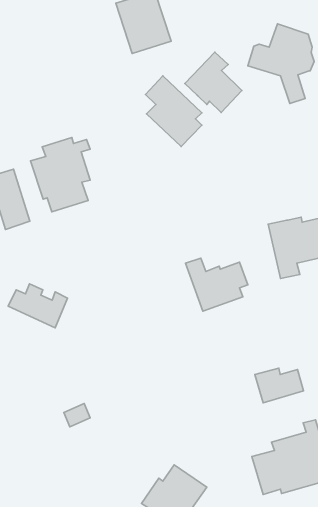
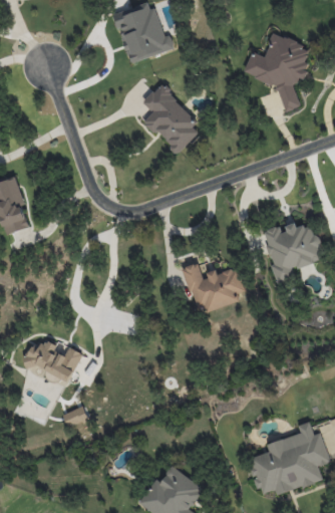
building: [185,52,242,113] -> none
building: [31,138,90,212] -> none
building: [8,284,67,328] -> [24,339,82,382]
building: [255,368,303,403] -> none

